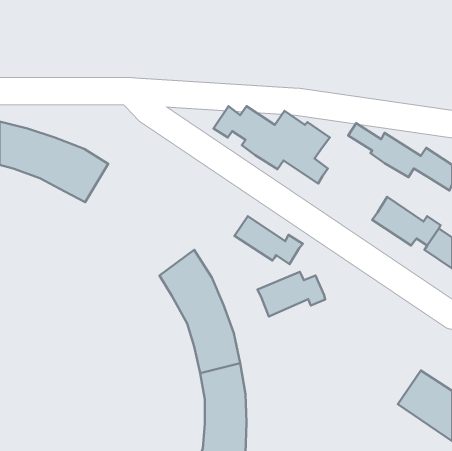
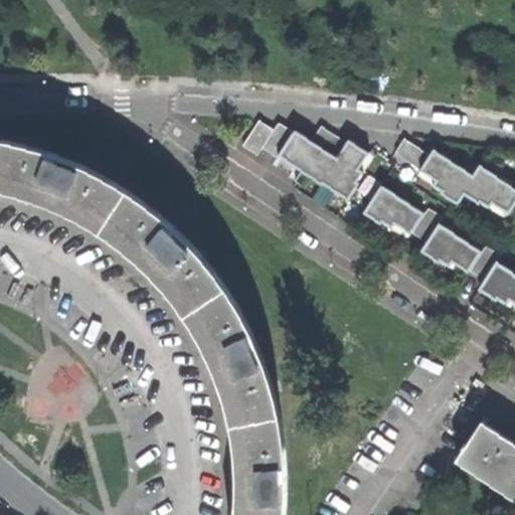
building: none -> [97,188,220,315]
building: [234,216,303,264] -> [366,189,444,243]
building: [257,272,325,317] -> none

